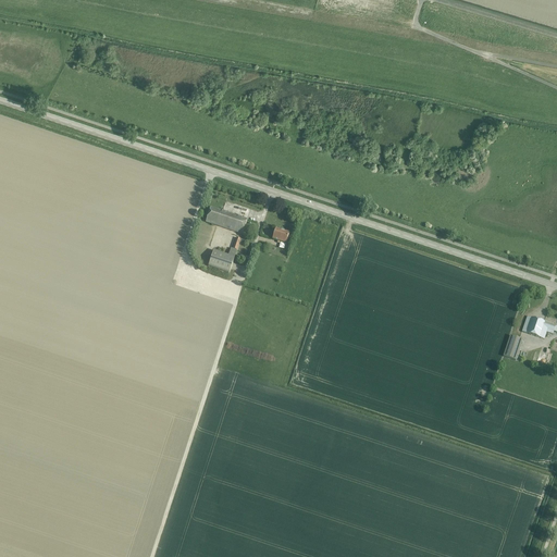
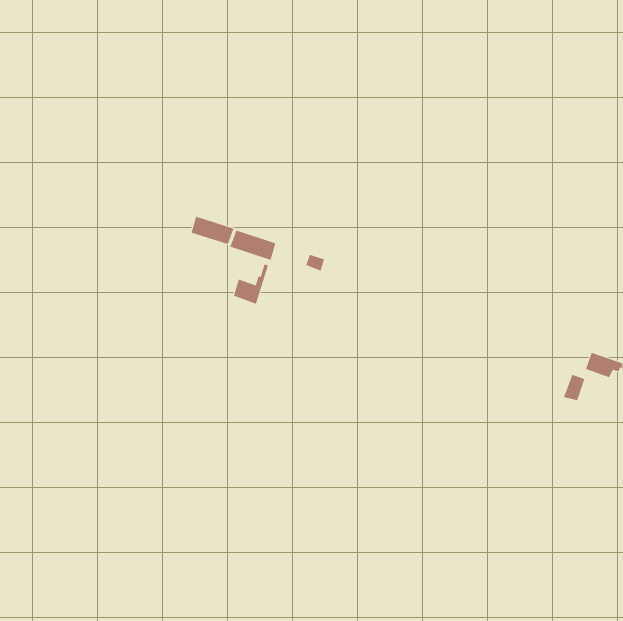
building: none -> [191,216,234,245]

